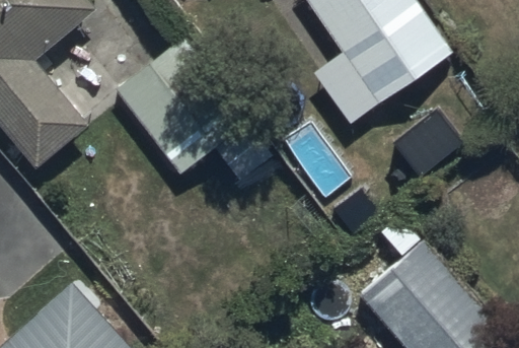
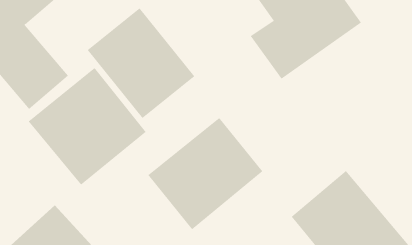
building: none -> [28,67,147,186]
building: none -> [148,117,263,230]

